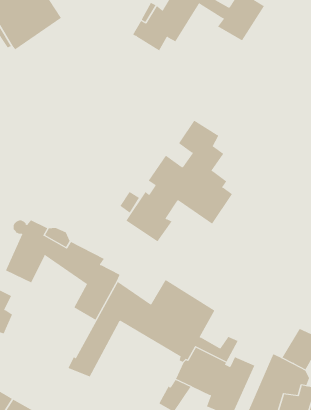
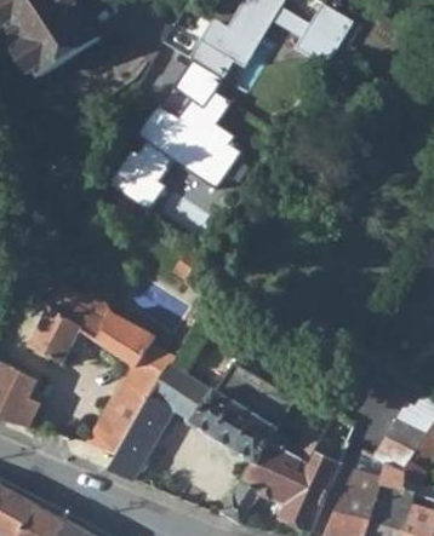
building: [125,120,233,242] -> [108,59,241,211]
building: none -> [86,394,143,456]

